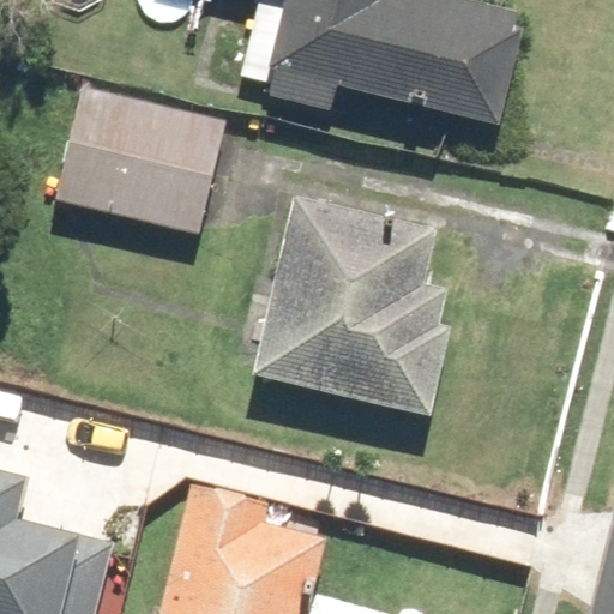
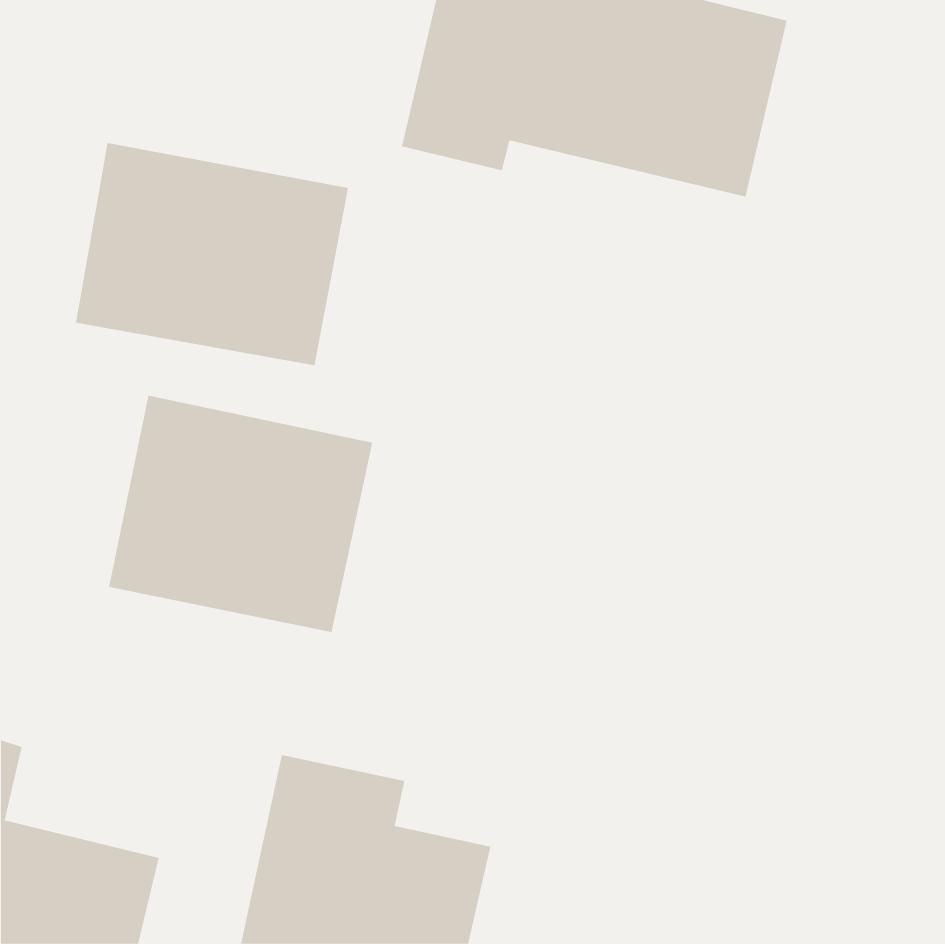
building: [257,204,455,410] -> none
building: none -> [109,395,373,633]

